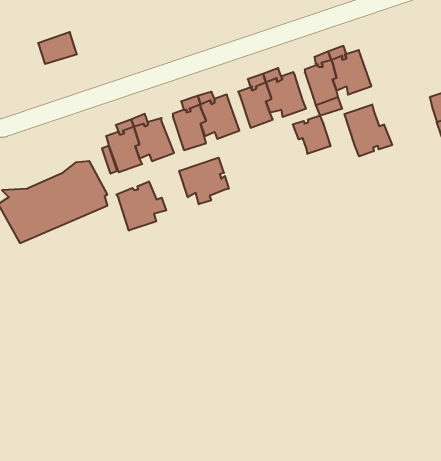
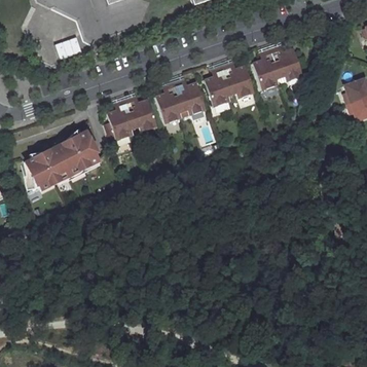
building: [344,104,392,156] -> none
building: [293,115,330,154] -> none
building: [179,158,229,204] -> none
building: [116,181,166,231] -> none

